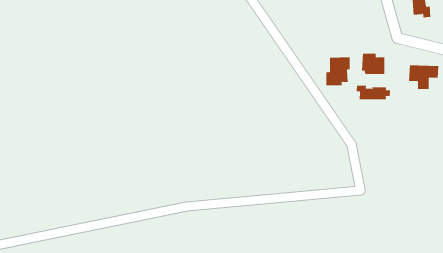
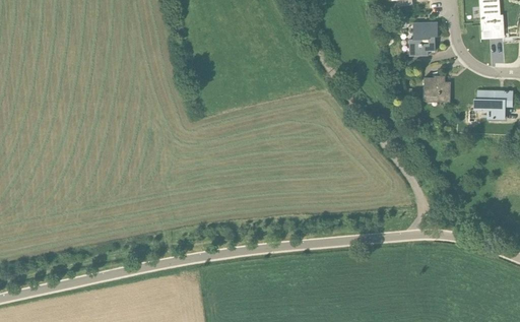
building: [326,57,350,86] -> [408,21,437,55]
building: [356,85,390,100] -> none

